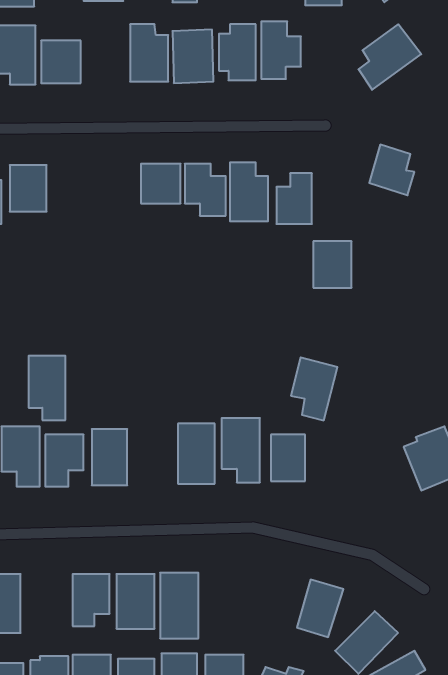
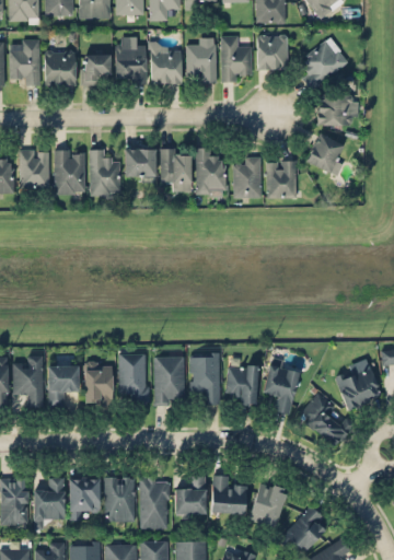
building: none -> [257,35,288,69]
building: none -> [83,54,112,83]
building: none -> [317,94,352,125]
building: none -> [90,149,121,197]
building: none -> [55,150,85,194]
building: [313,241,352,288] -> [266,161,297,198]
building: [29,356,65,420] -> [119,353,149,405]
building: [291,357,337,420] -> [263,363,300,413]
building: none -> [299,393,356,447]
building: none -> [175,476,206,513]
building: none -> [212,476,245,513]
building: none -> [34,478,65,528]

